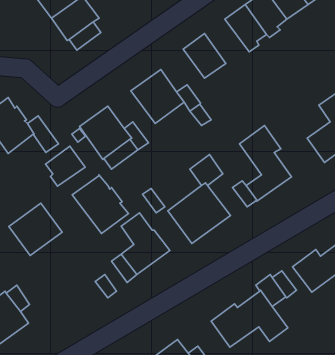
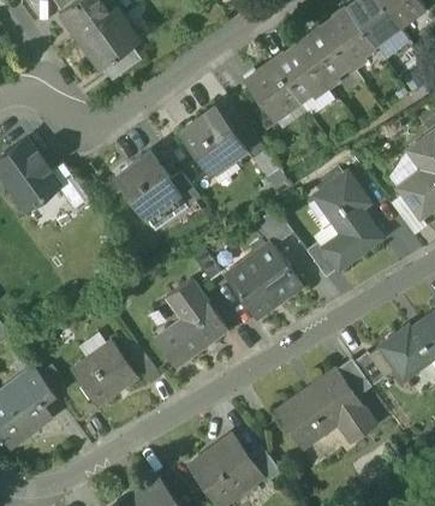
building: none -> [270,41,326,96]
building: none -> [391,148,427,189]
building: [46,146,85,186] -> none
building: [72,175,129,233] -> none
building: [9,203,62,256] -> [72,343,138,407]

